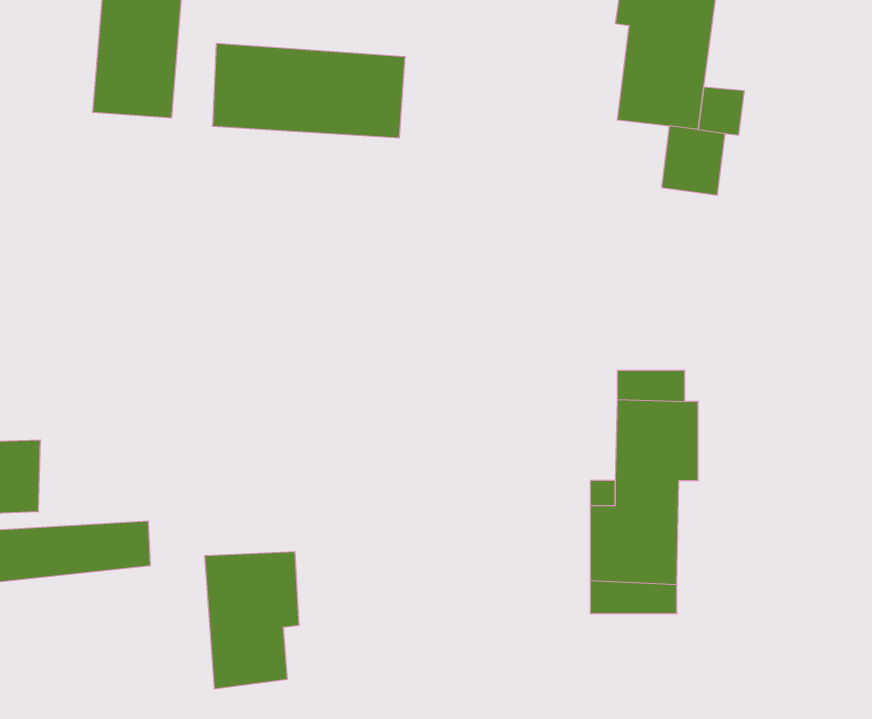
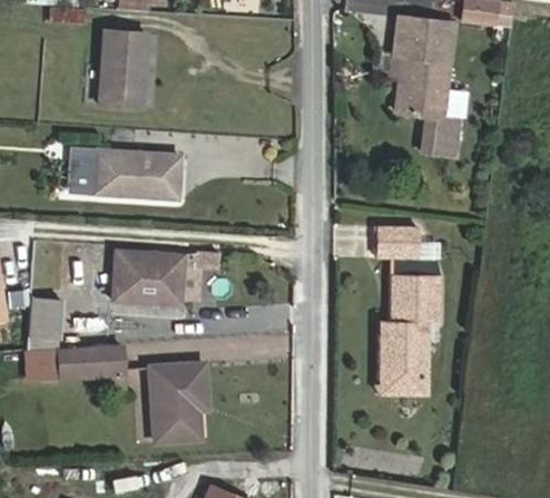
building: [212,43,405,138] -> [66,147,177,202]
building: none -> [380,226,419,256]
building: none -> [107,246,186,303]

